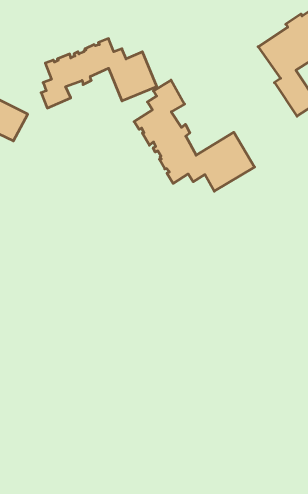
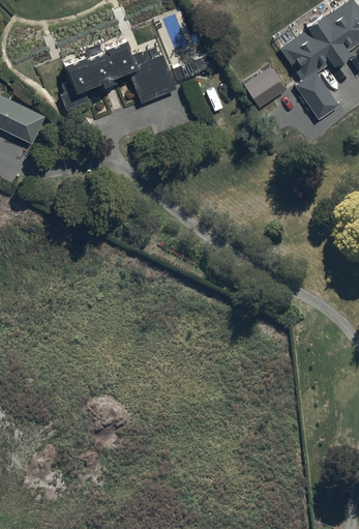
building: none -> [243,66,287,108]
building: [134,80,255,191] -> none

